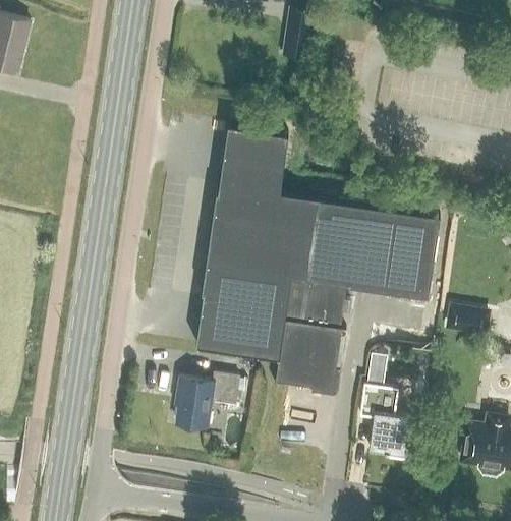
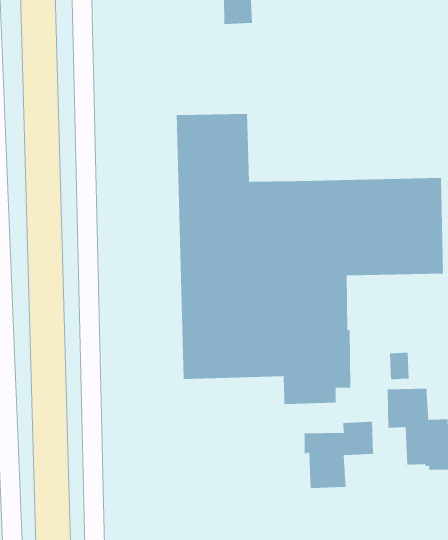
building: [176,377,238,430] -> [304,421,374,489]

